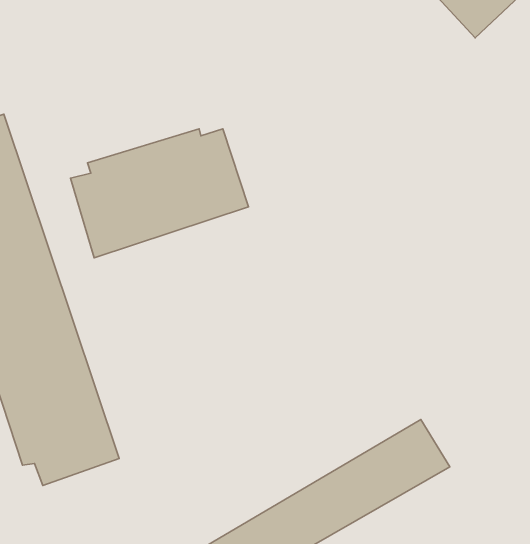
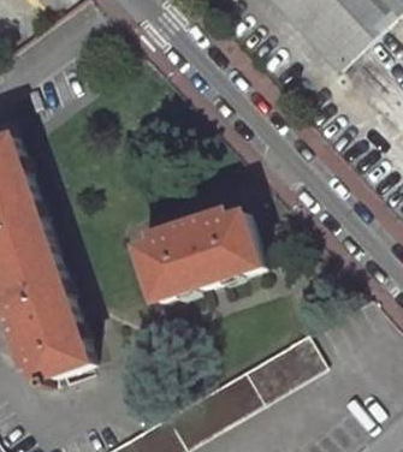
building: [70,129,248,258] -> [135,214,261,305]

